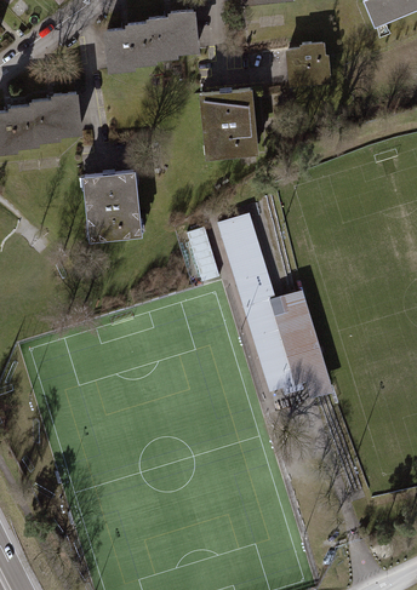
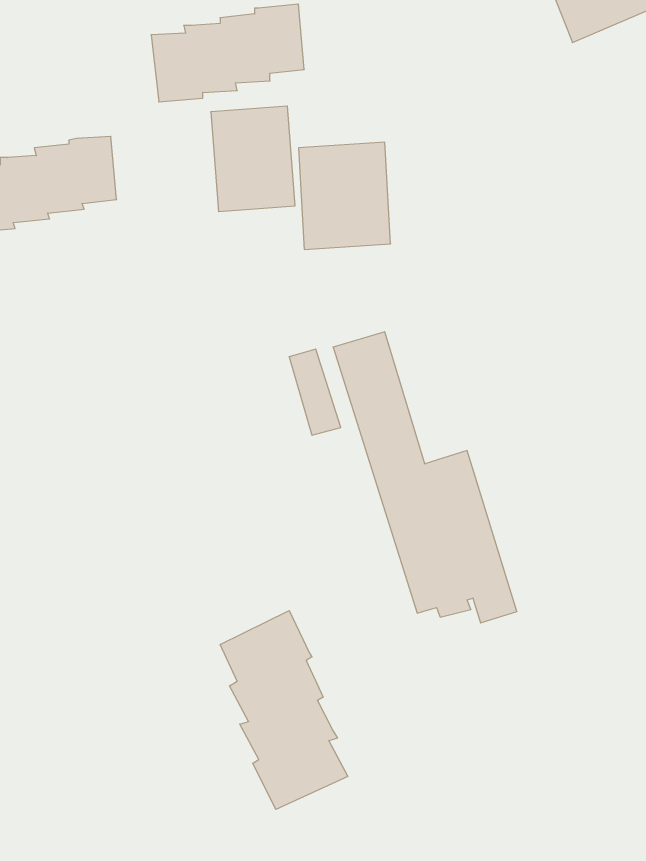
building: [285,46,332,90] -> none
building: [82,176,136,242] -> [211,106,295,211]
building: none -> [220,611,348,809]

